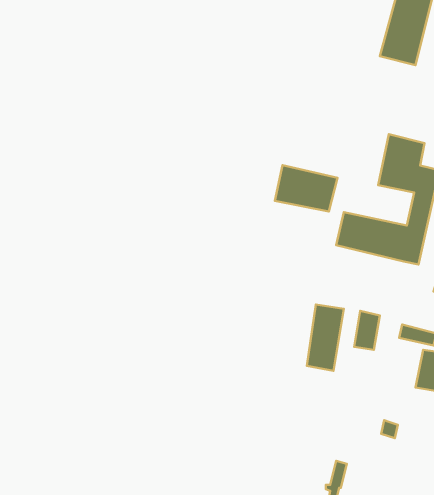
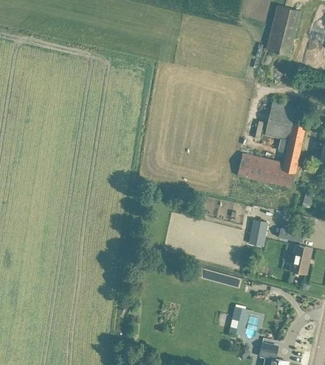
building: [275,165,337,211] -> none
building: [307,304,344,371] -> none

